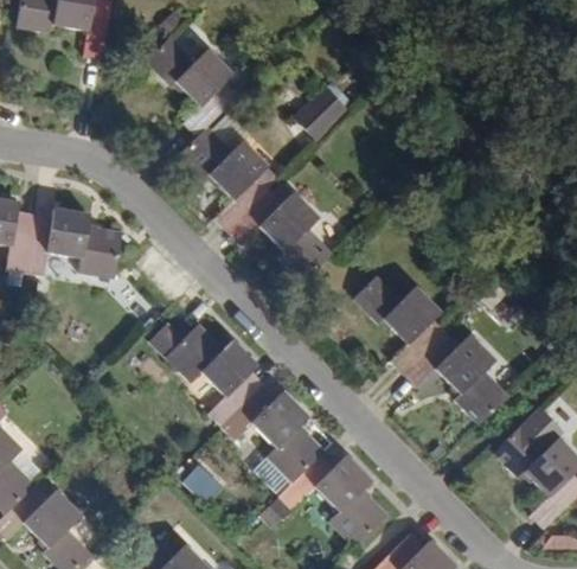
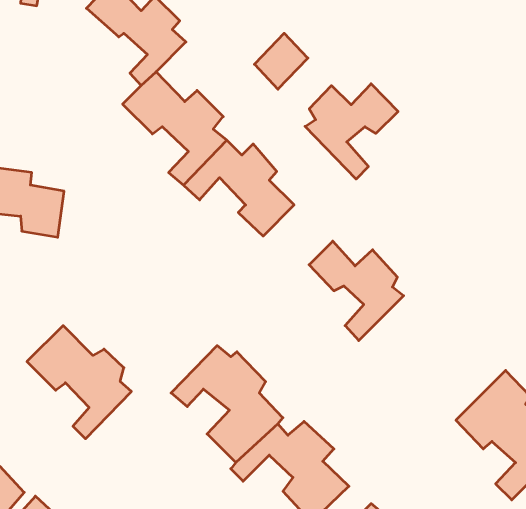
building: none -> [305,84,398,179]
building: [165,318,264,426] -> [27,326,131,439]
building: [399,333,507,427] -> none

